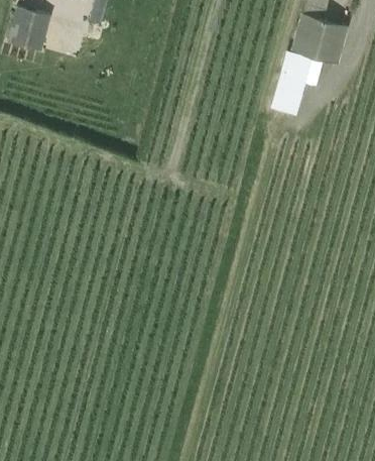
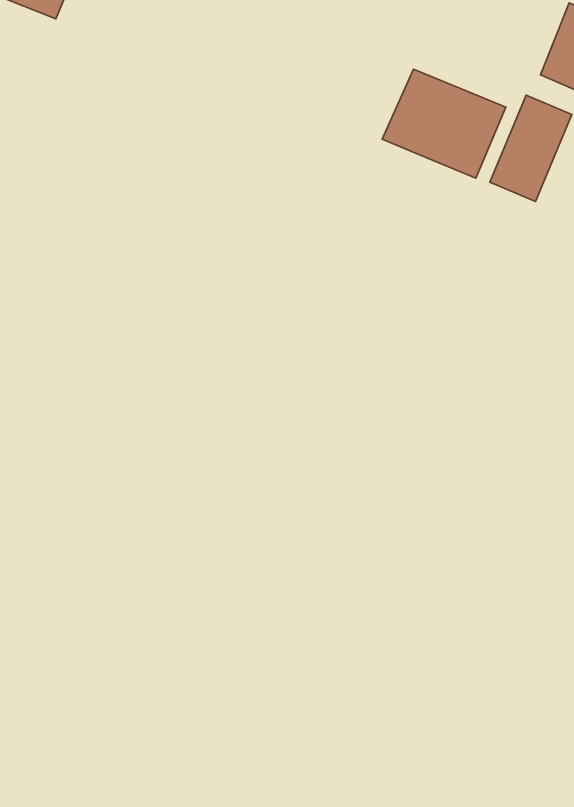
building: none -> [382,69,506,178]

